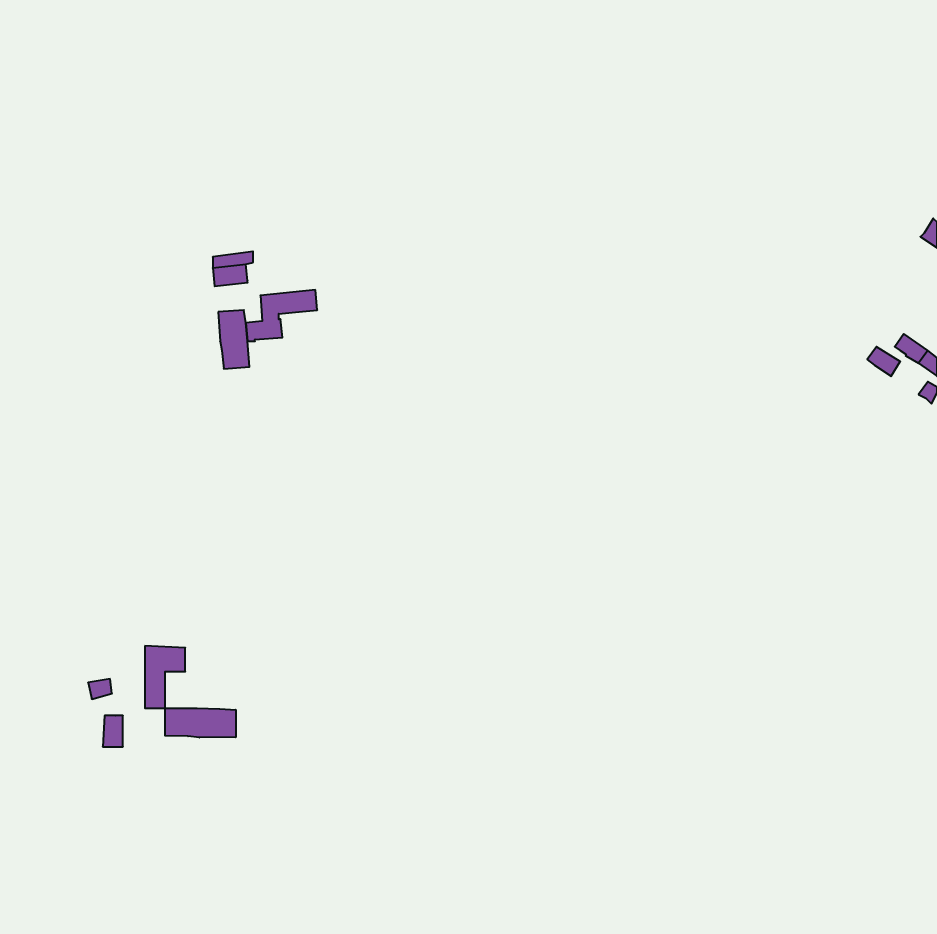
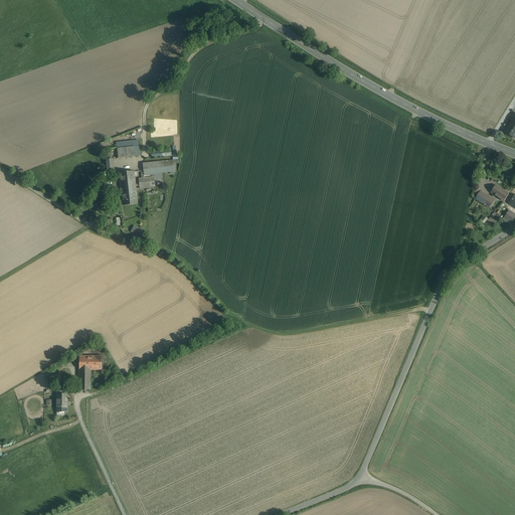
building: [165,708,236,738] -> none

